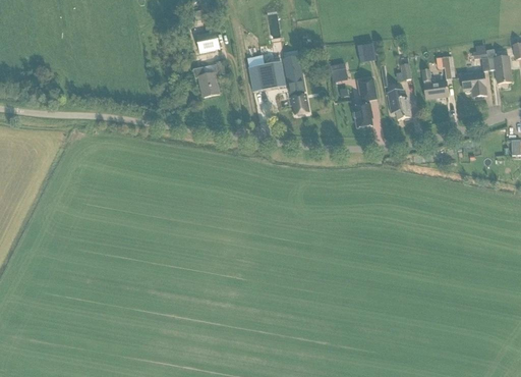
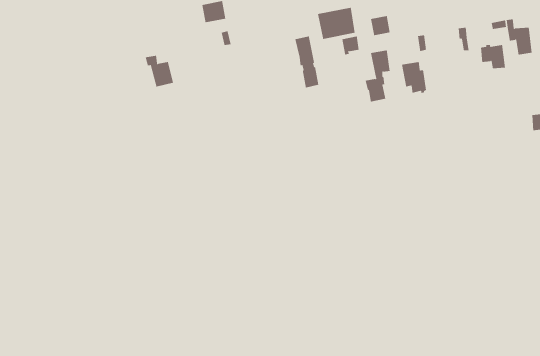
building: [248,60,285,91] -> [317,7,356,39]
building: [192,65,220,96] -> [145,55,174,87]
building: [418,67,448,97] -> none

